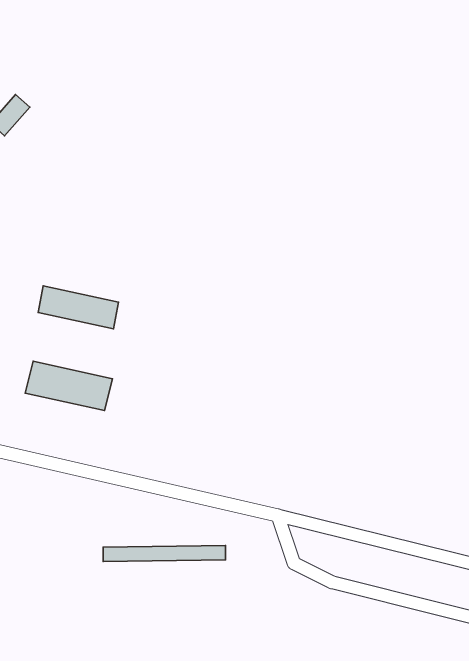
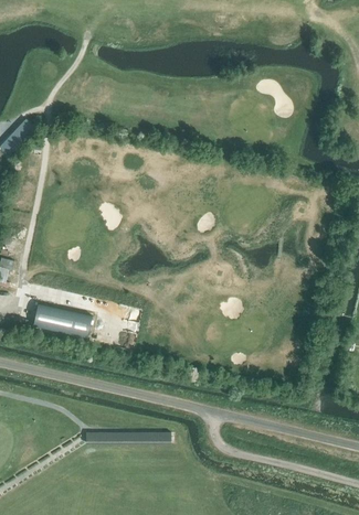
building: [38,286,118,329] -> none

